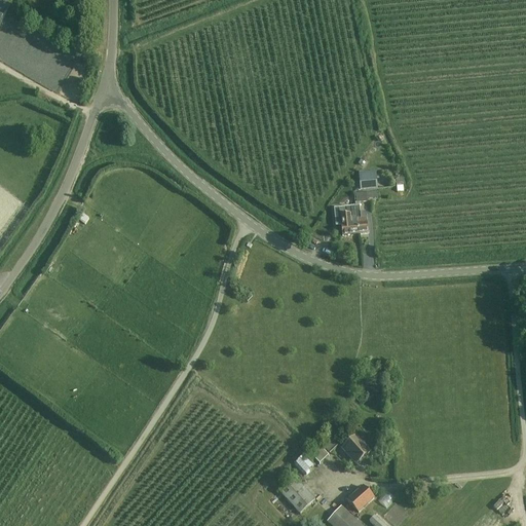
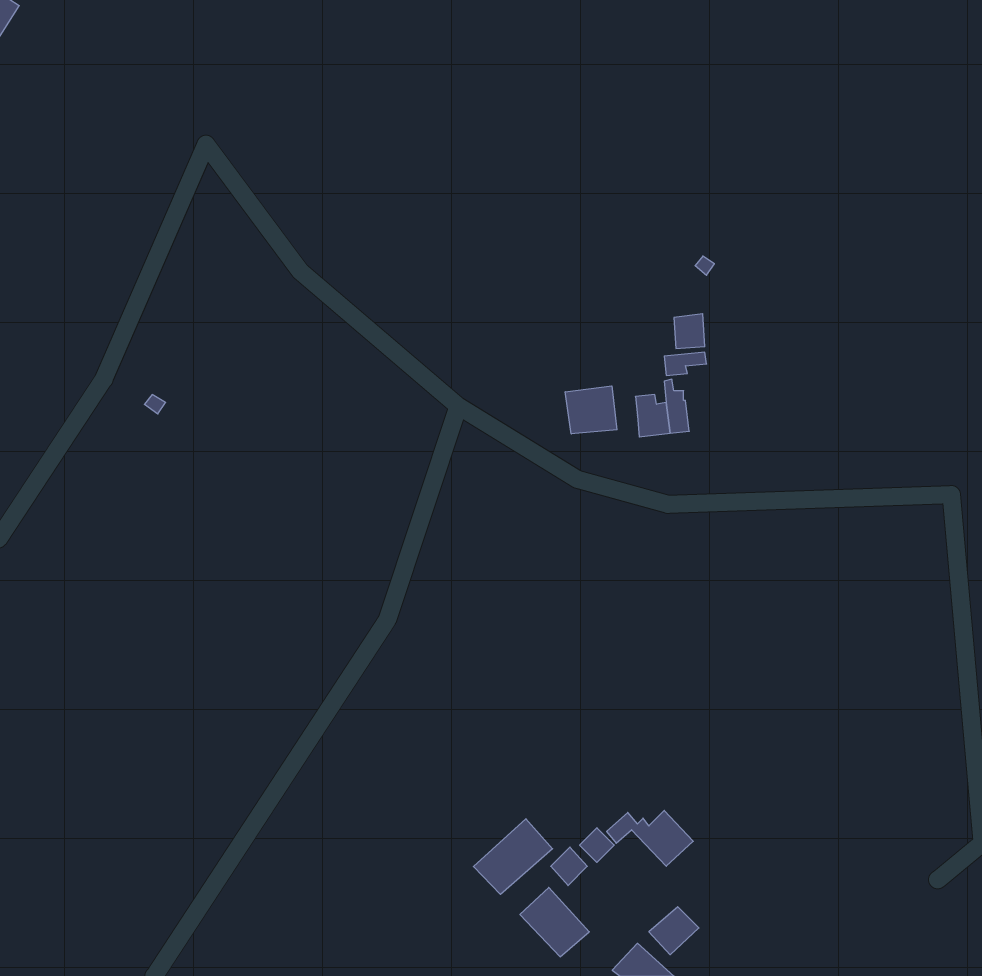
building: none -> [565,386,617,434]
building: none -> [473,819,553,894]

